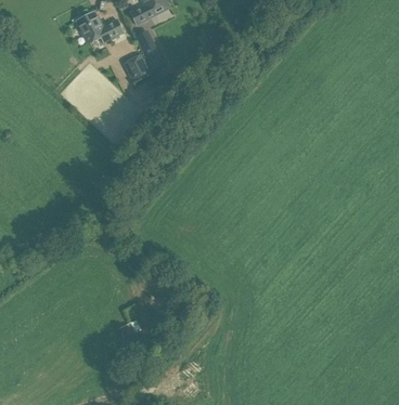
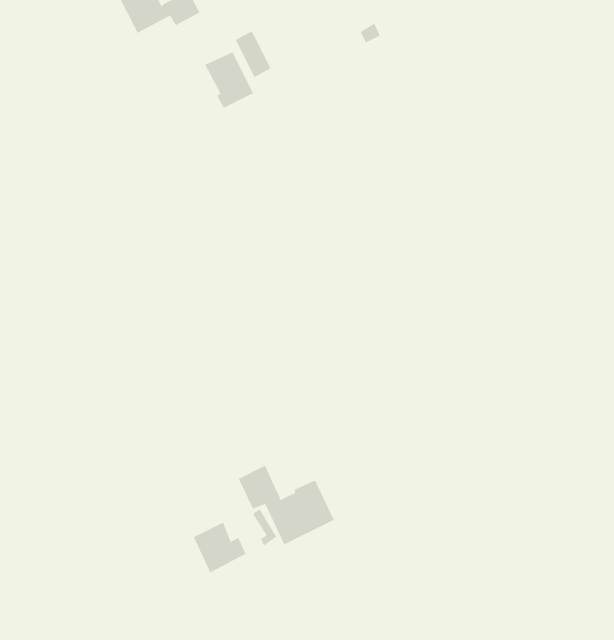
building: none -> [238,465,335,546]

